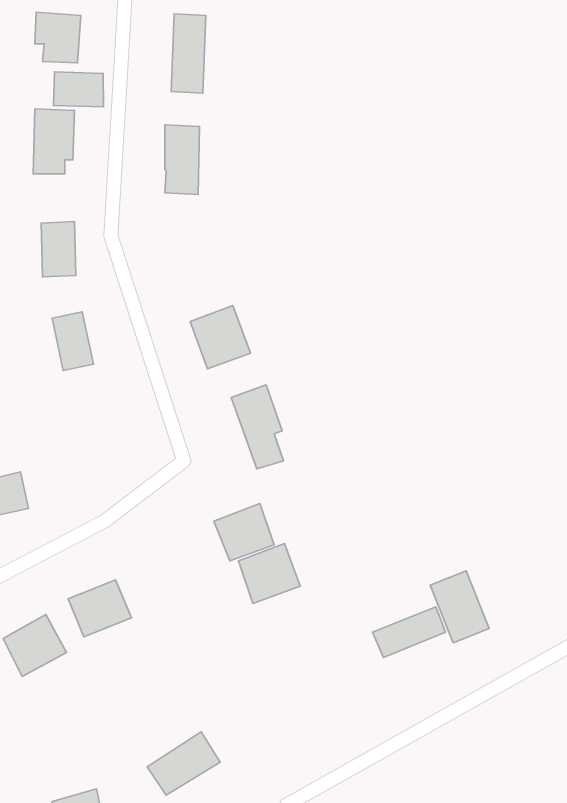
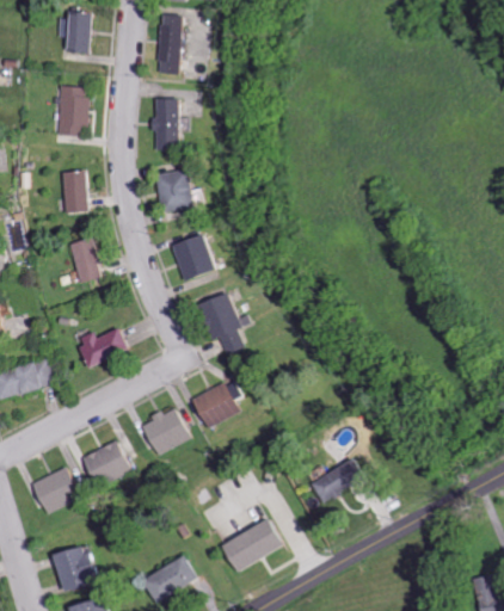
building: [54,72,104,107] -> none
building: none -> [155,169,193,210]
building: none -> [76,328,130,366]
building: [238,543,300,604] -> [141,408,188,453]
building: [430,571,489,643] -> none
building: none -> [222,519,283,570]
building: none -> [53,545,97,593]

